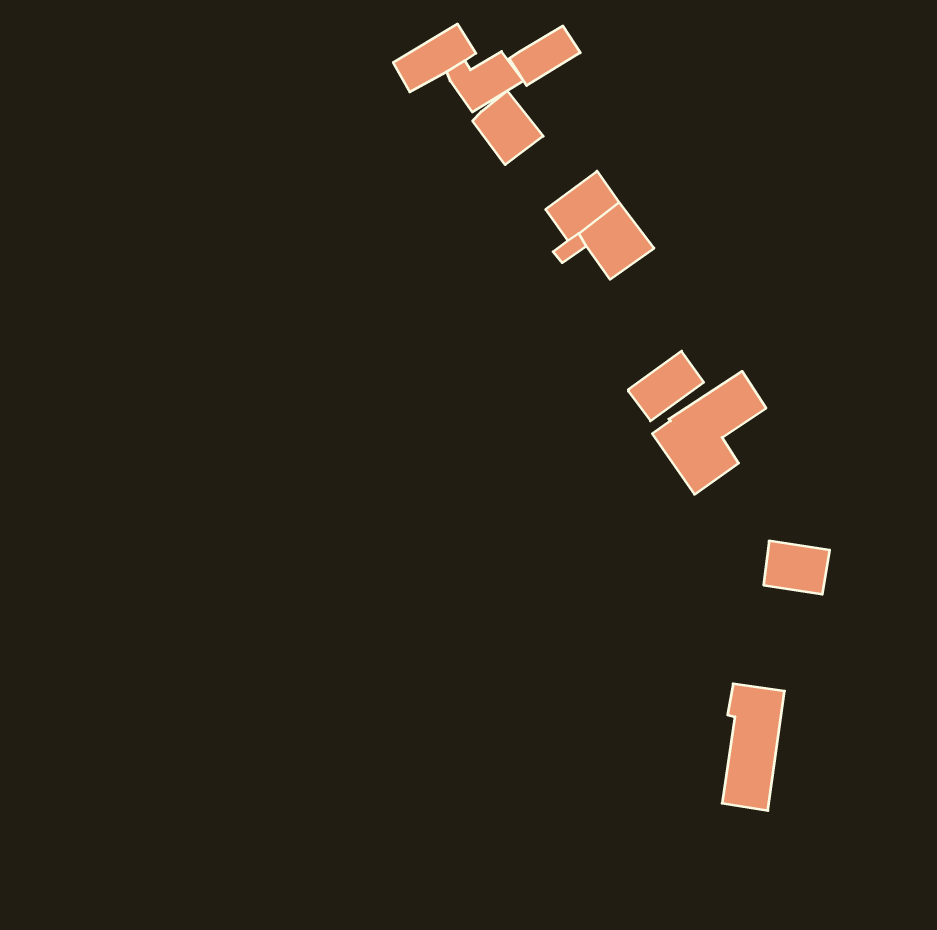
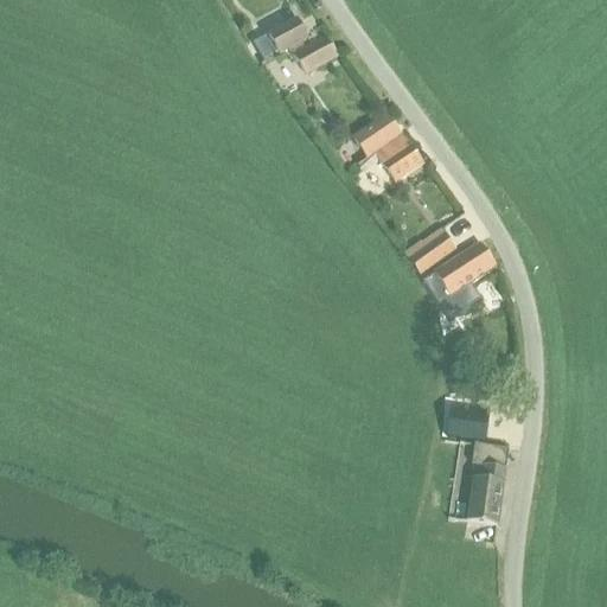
building: [509,26,580,86] -> none
building: [473,91,543,165] -> none
building: [764,541,830,594] -> [448,405,491,440]

